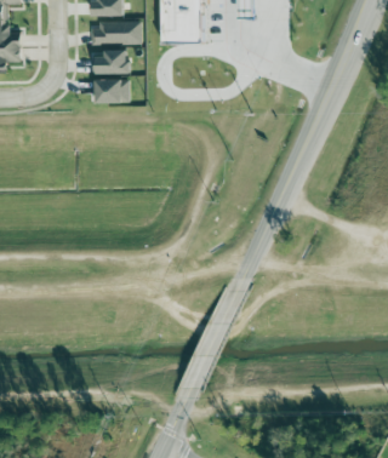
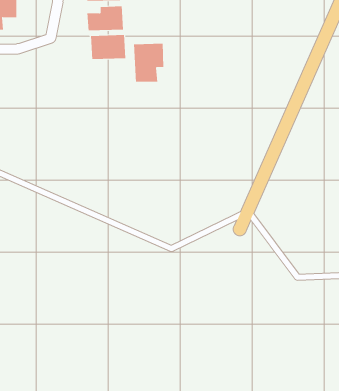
building: none -> [134,43,164,83]

